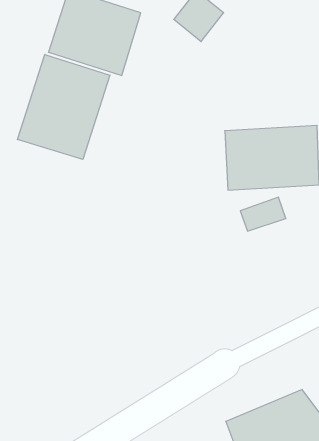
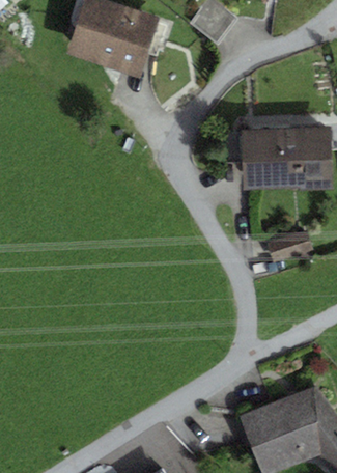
building: [17,54,110,159] -> none
building: [240,197,286,231] -> [266,227,311,260]

